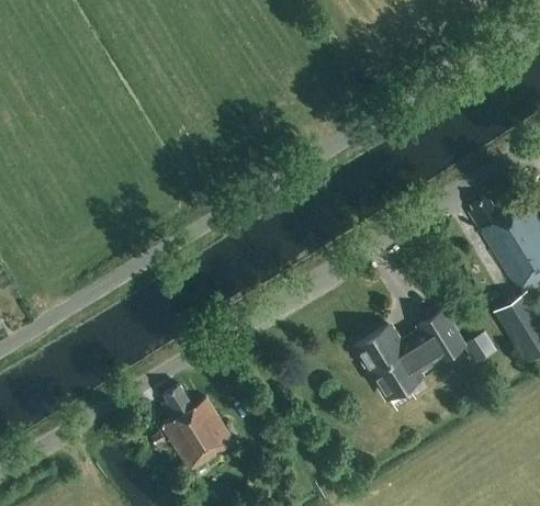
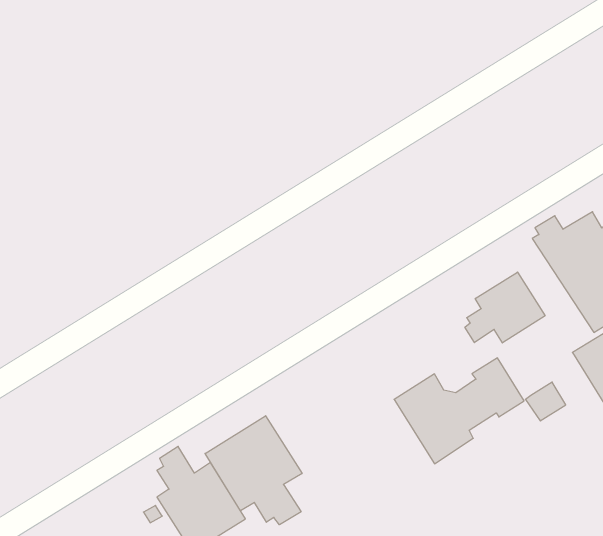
building: none -> [465,272,545,343]
building: none -> [205,416,302,525]

